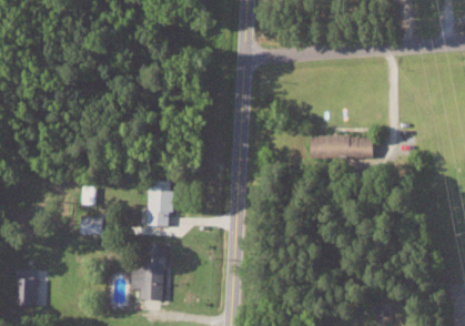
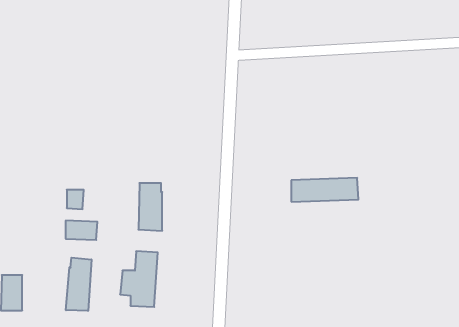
building: [311,136,376,160] -> [291,178,358,202]
building: none -> [66,258,91,311]

